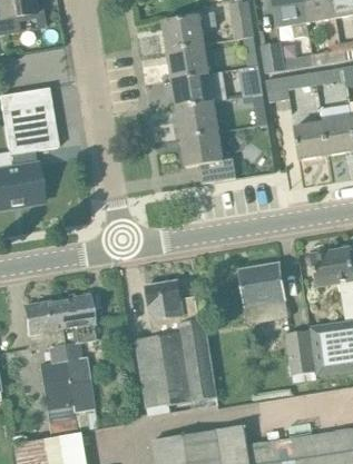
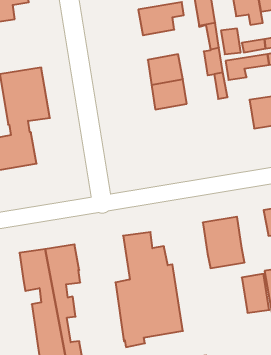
building: [168,43,209,79] -> none
building: [183,130,236,184] -> none

